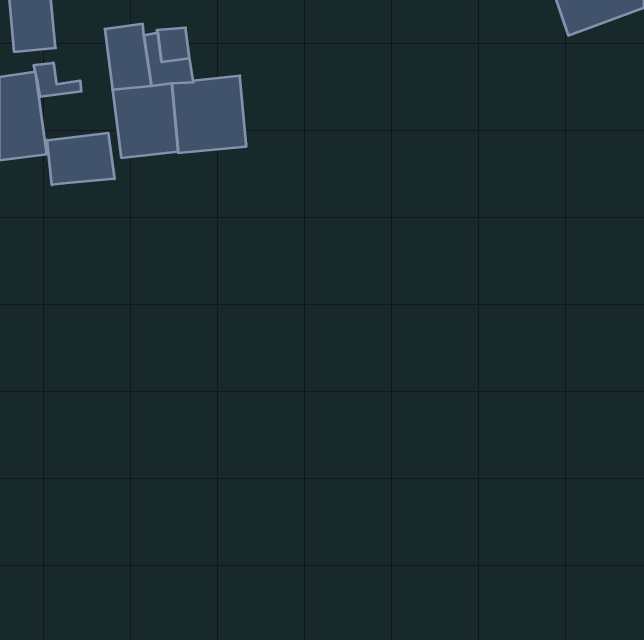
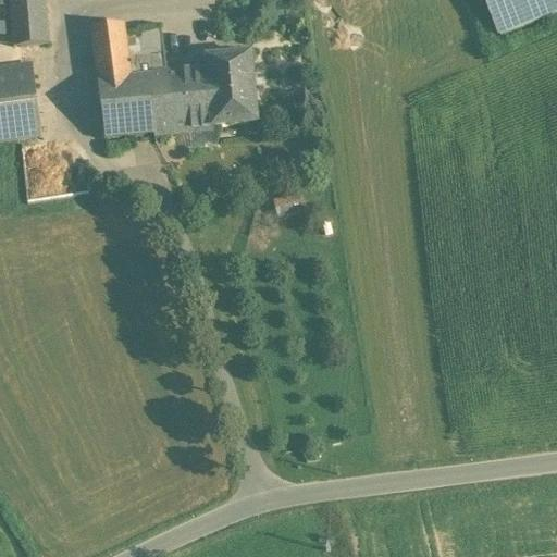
building: none -> [207,52,257,124]
building: [34,63,81,97] -> none
building: [47,133,114,185] -> none

